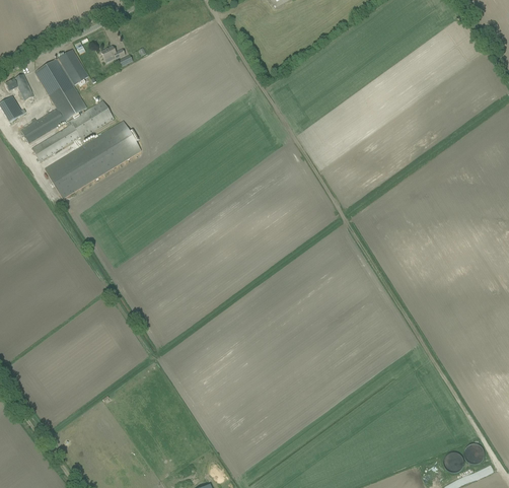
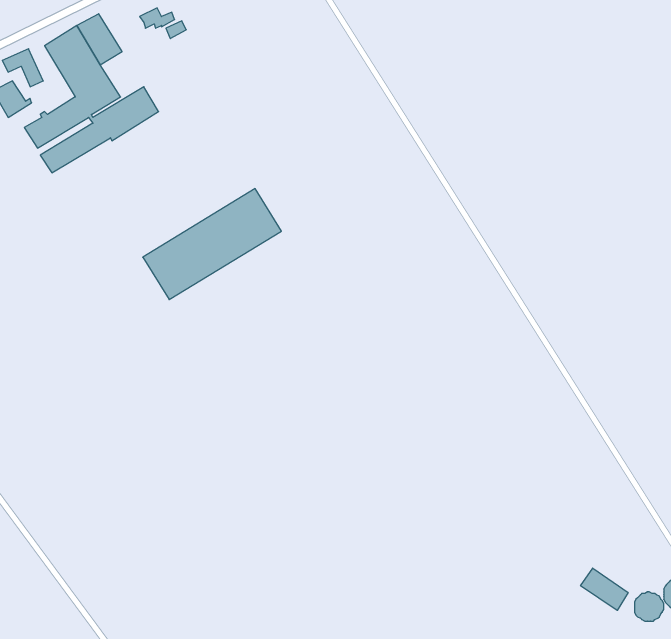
building: [45,120,141,197] -> [143,189,281,300]
building: none -> [581,568,628,610]

